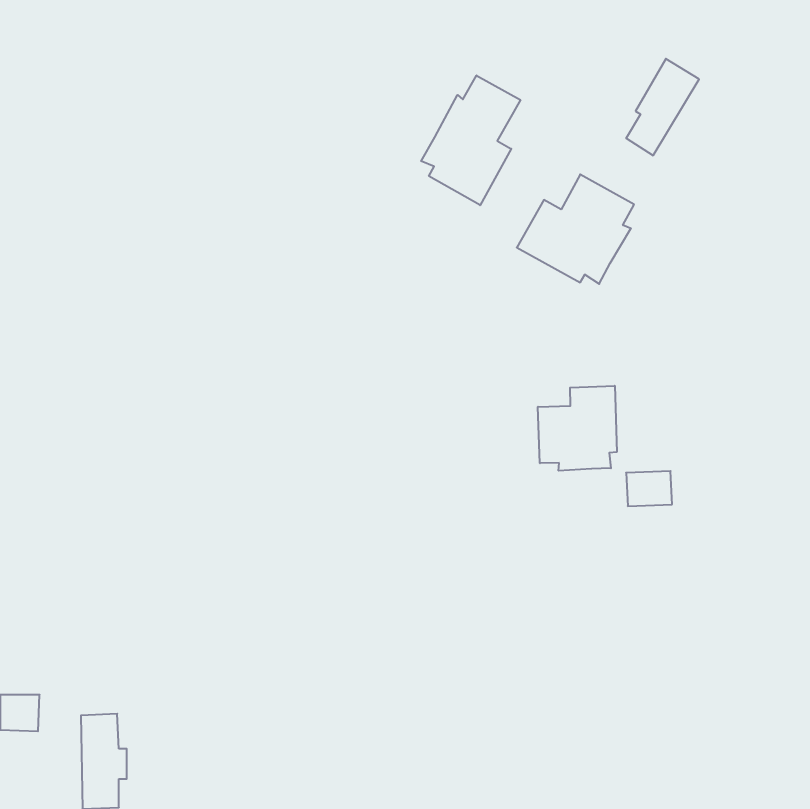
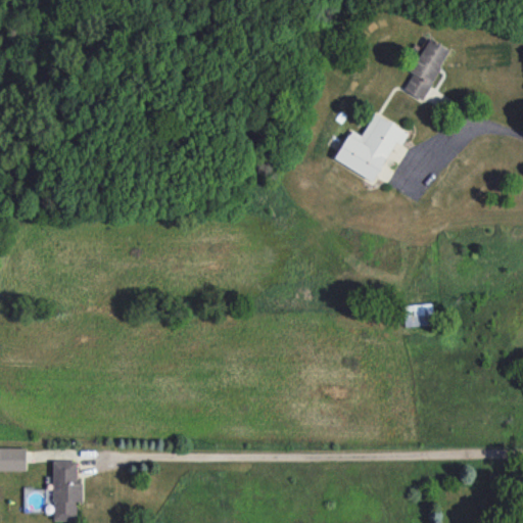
building: [421,75,520,205] -> none
building: [538,386,617,471] -> none

